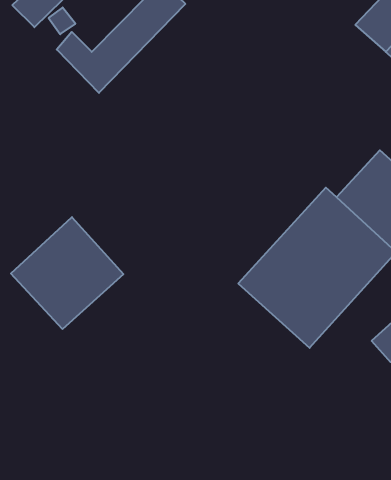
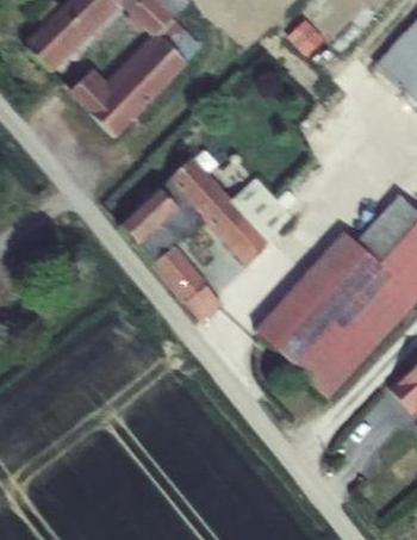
building: none -> [119,153,290,317]
building: [11,217,123,329] -> none

